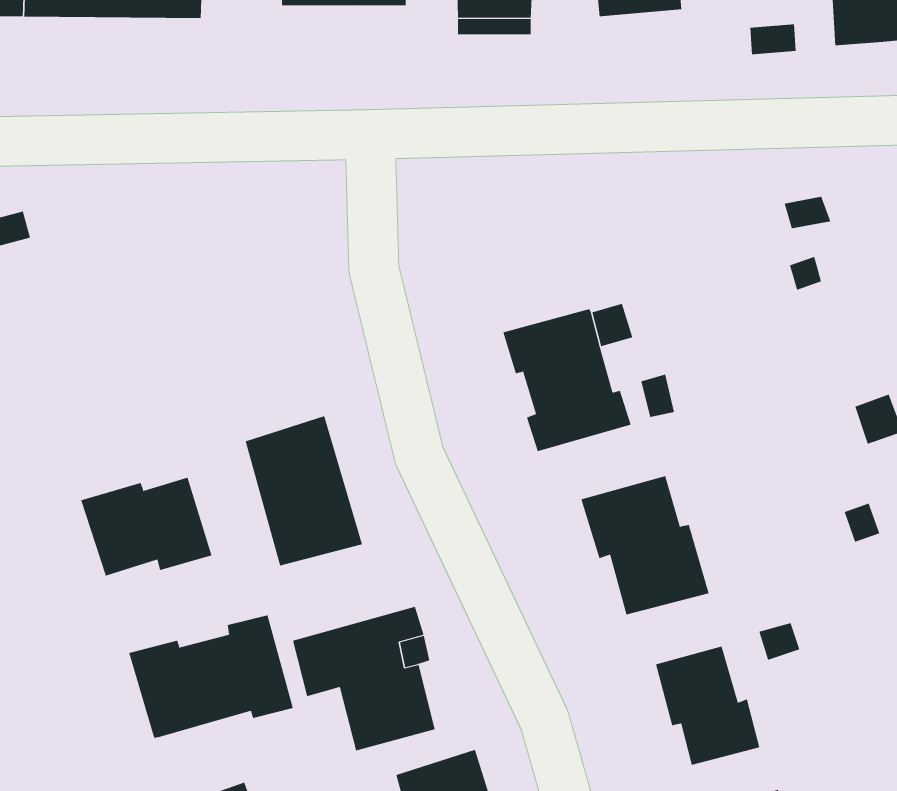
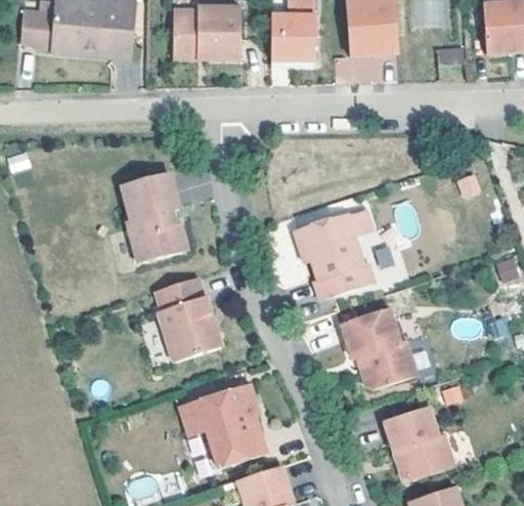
building: none -> [113,167,185,267]
building: [81,477,212,577] -> none
building: [129,614,293,739] -> none

